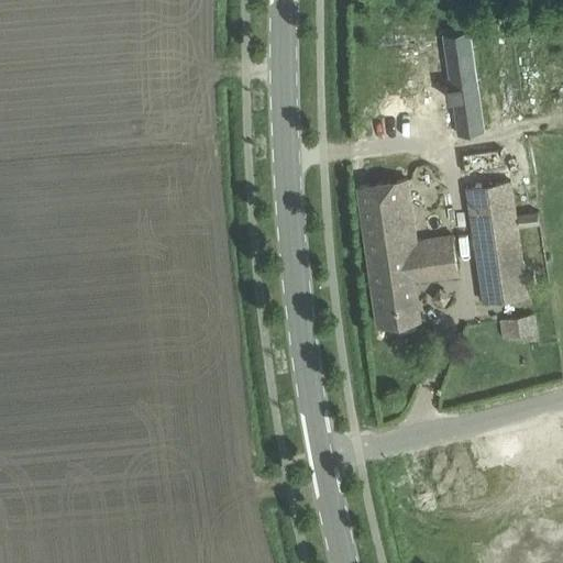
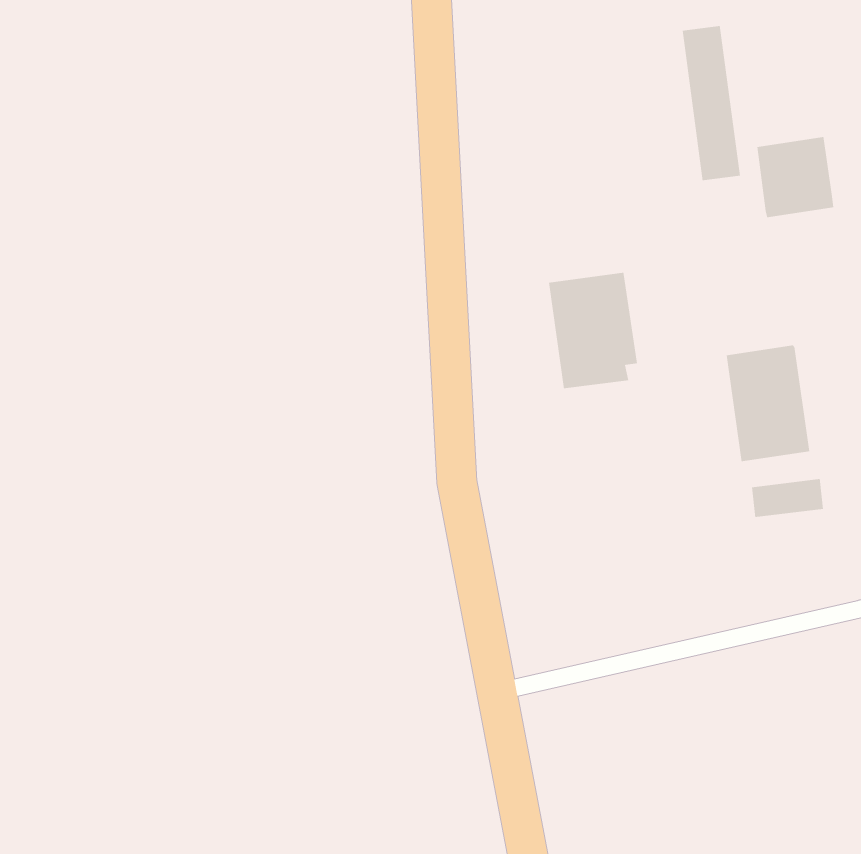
building: [465,185,516,238] -> [756,137,834,218]
building: [366,240,455,329] -> none

